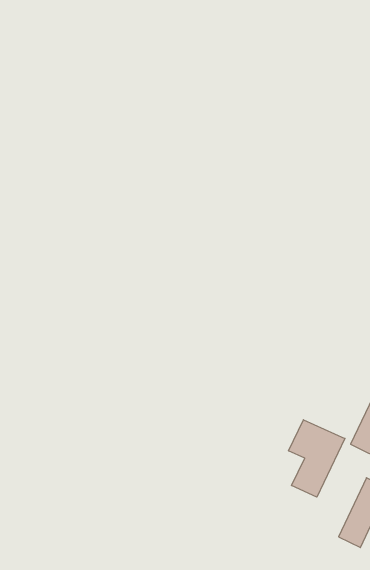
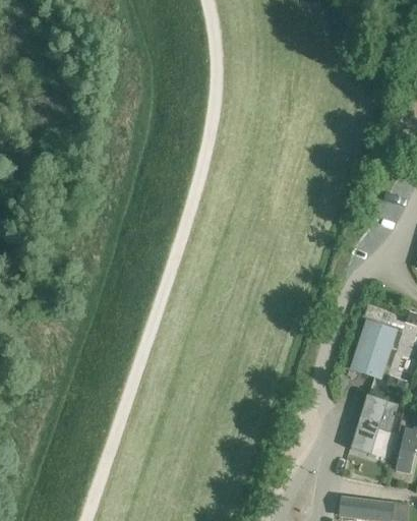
building: [289,420,345,497] -> none

